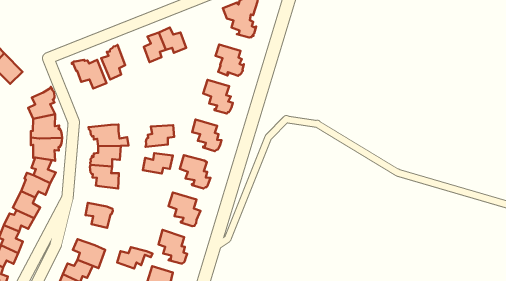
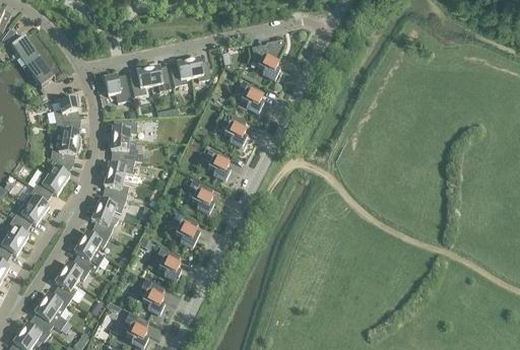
building: none -> [146,67,170,93]
building: [145,125,174,147] -> [107,122,136,141]
building: [143,153,173,173] -> [94,197,125,217]
building: [117,247,152,268] -> [79,231,114,252]

